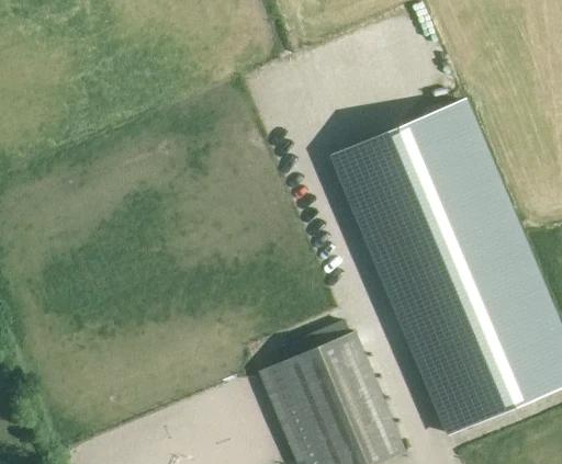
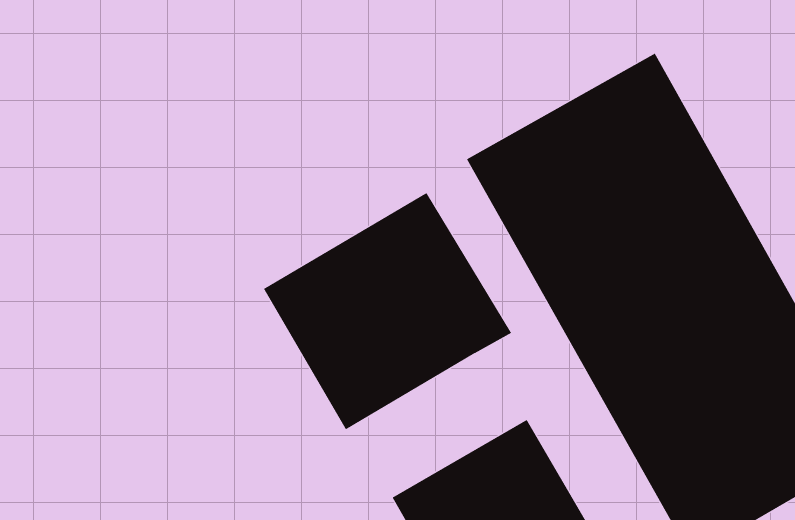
building: none -> [263,192,512,430]

